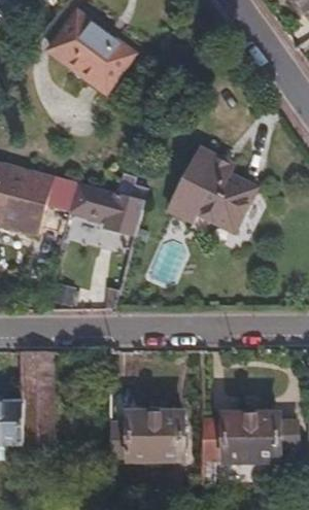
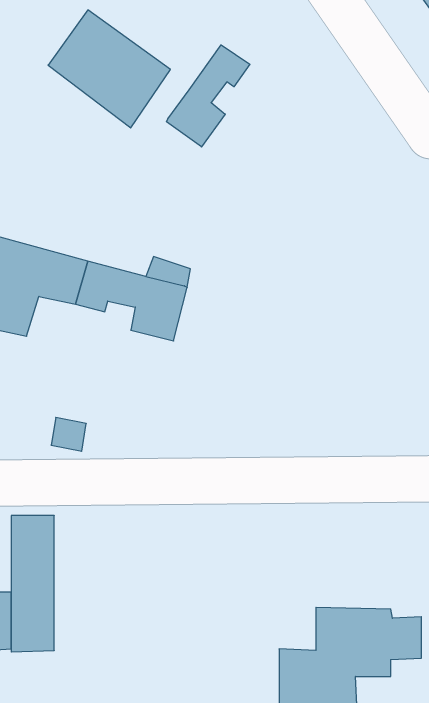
building: none -> [166,45,250,147]
building: [167,146,253,230] -> none
building: [112,412,184,458] -> none

